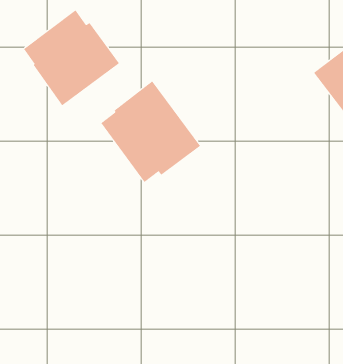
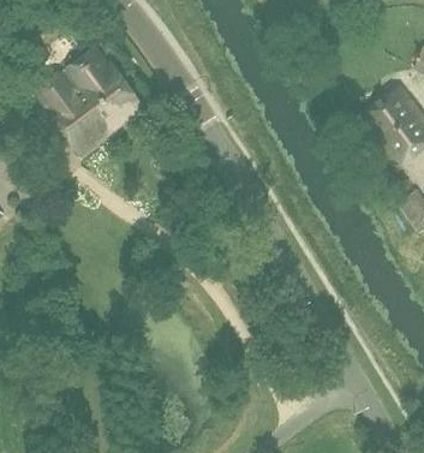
building: [100,80,201,183] -> none

